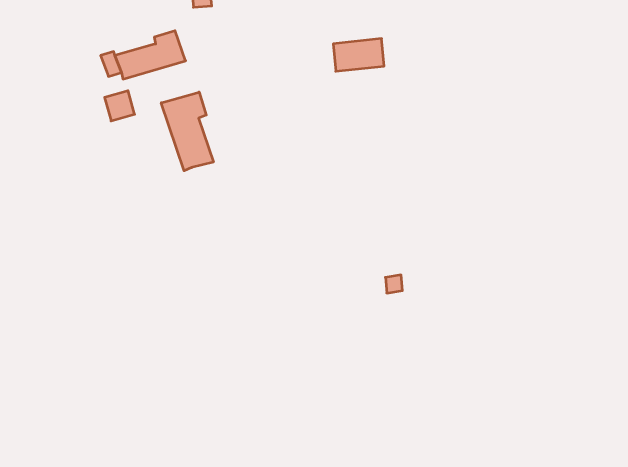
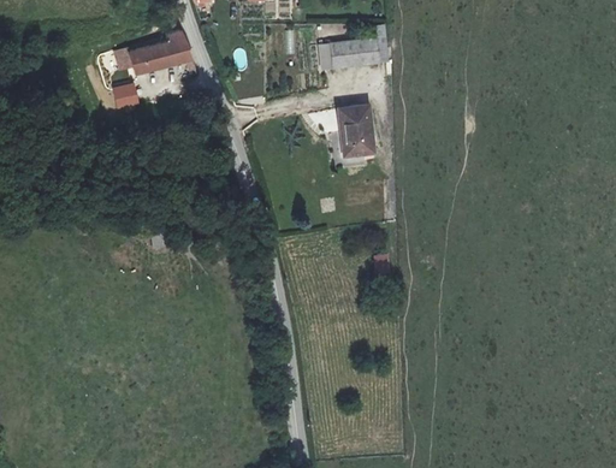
building: [161,92,213,171] -> none
building: none -> [334,106,372,158]

